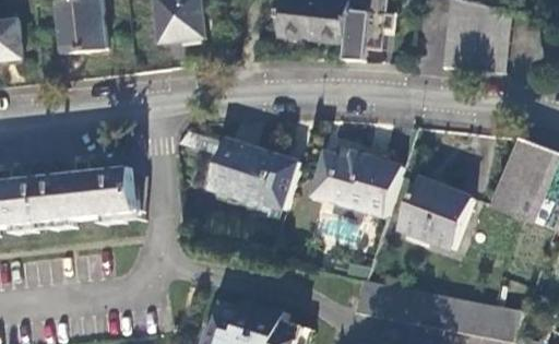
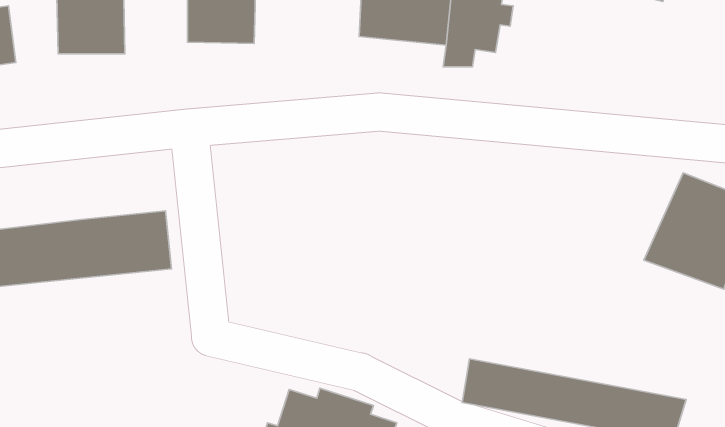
building: [212,140,301,211] -> none
building: [313,152,401,215] -> none
building: [402,180,473,250] -> none

